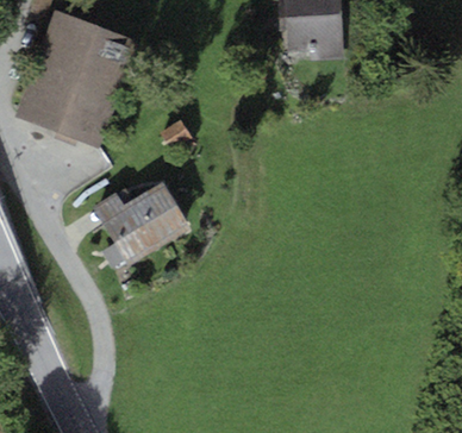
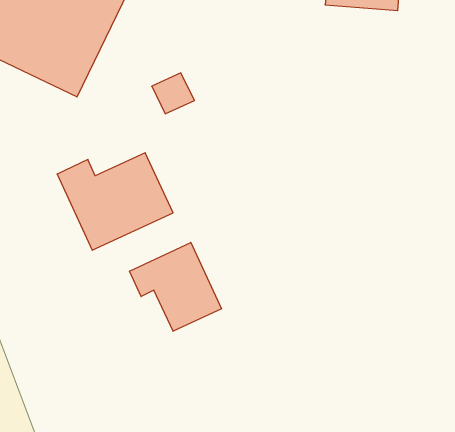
building: none -> [130,242,221,331]

